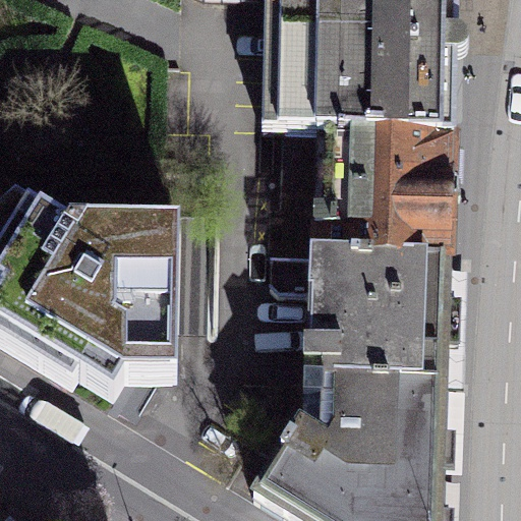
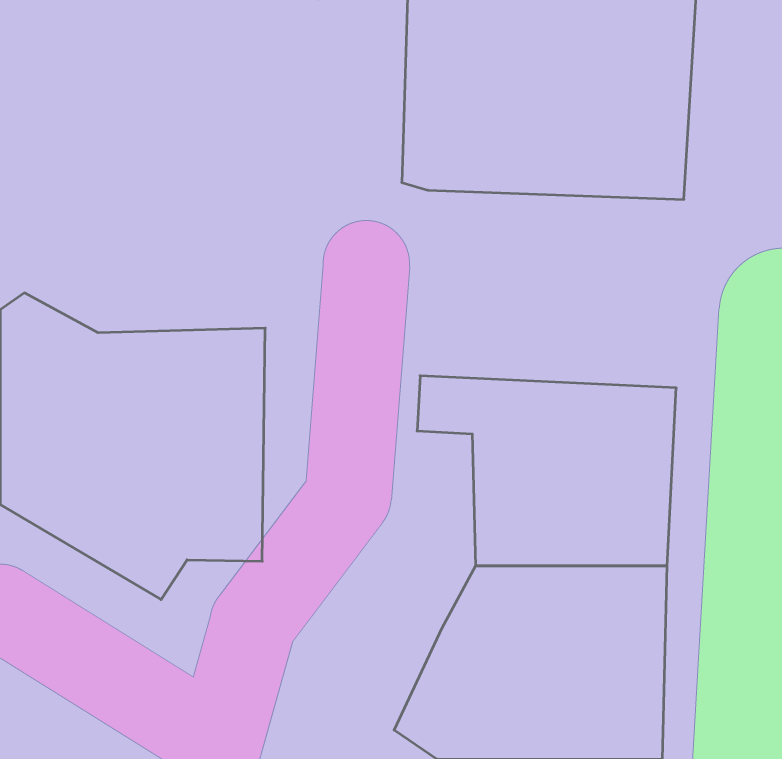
building: [280,126,455,257] -> none

